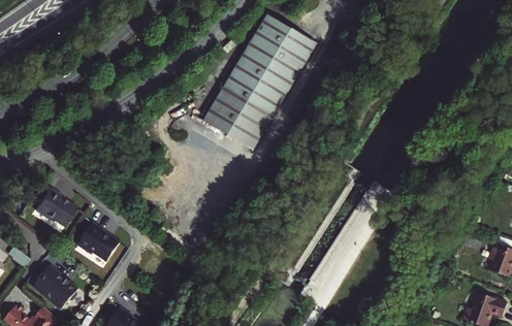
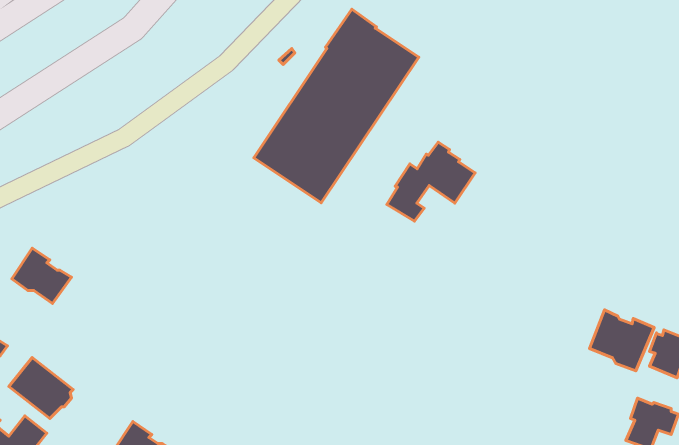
building: none -> [387,142,475,221]
building: [76,221,119,260] -> none
building: none -> [589,310,654,371]

